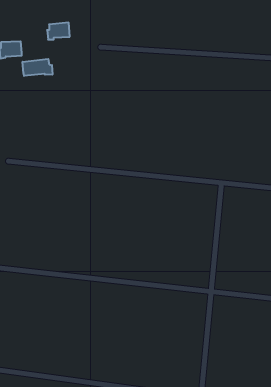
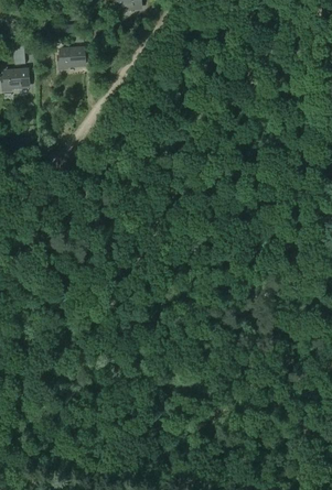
building: [23,59,52,76] -> none

